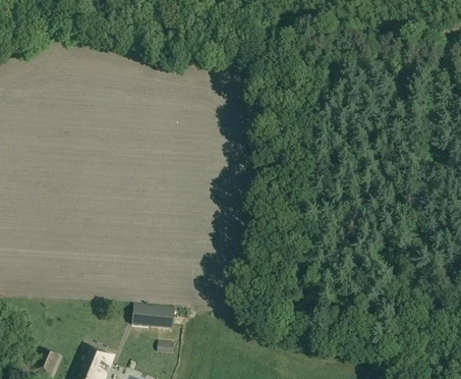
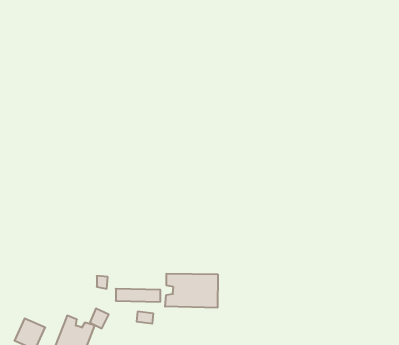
building: none -> [165,274,218,308]

